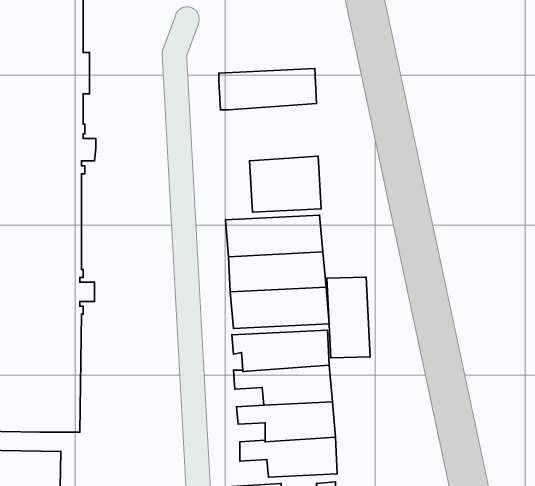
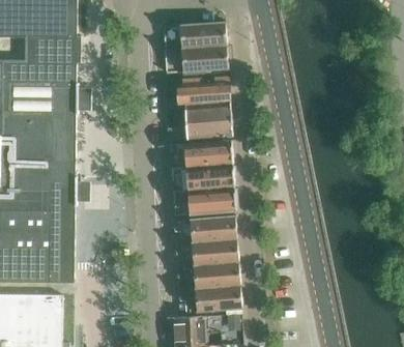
building: none -> [164,22,227,50]
building: none -> [165,78,230,106]
building: [327,277,370,358] -> none

